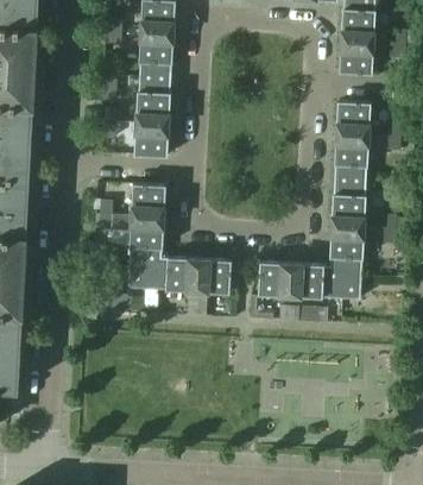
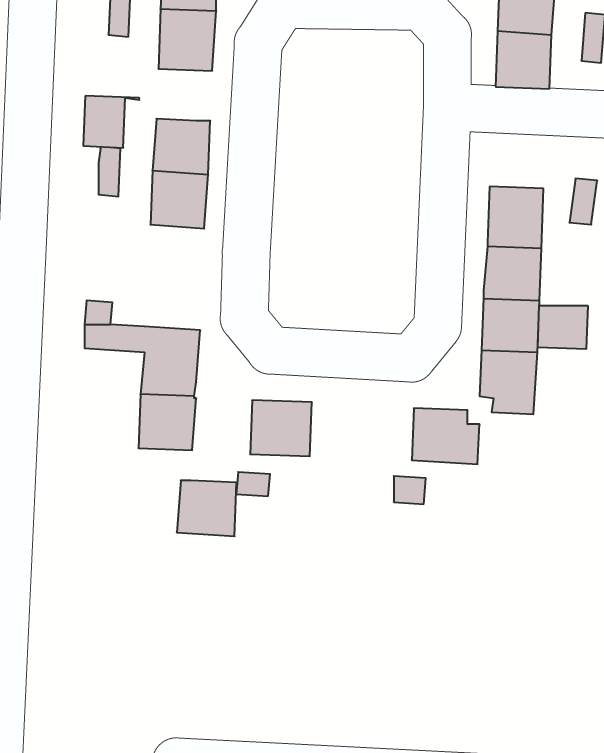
building: [137,63,170,94] -> [83,96,139,148]
building: [335,102,370,134] -> none
building: [130,185,164,219] -> none
building: none -> [538,305,588,349]
building: [158,259,194,292] -> [177,480,237,536]
building: [258,264,290,296] -> none
building: [328,267,361,300] -> none

